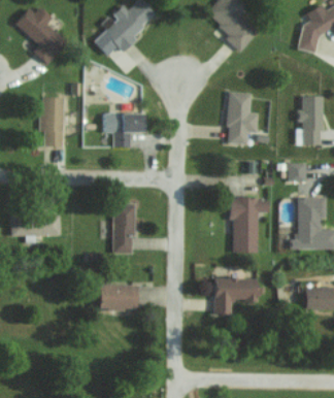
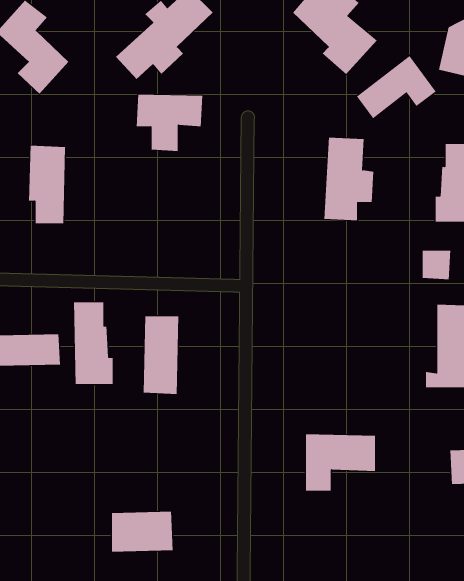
building: none -> [356,55,437,119]
building: [103,112,145,148] -> [136,94,203,151]
building: none -> [73,302,113,385]
building: [231,198,268,253] -> none
building: [99,285,138,310] -> [111,511,173,552]

